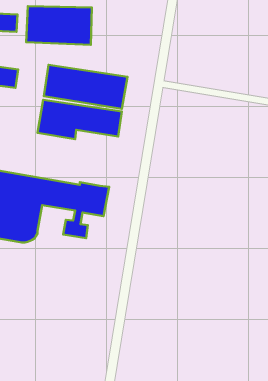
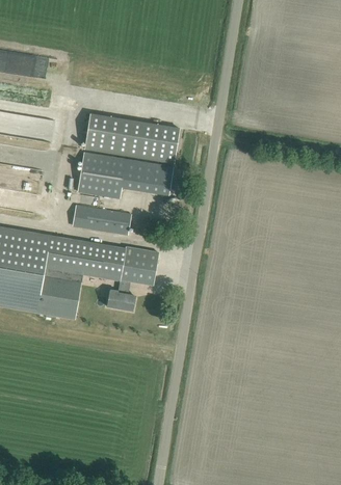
building: [26,6,92,45] -> none
building: none -> [72,205,130,234]

